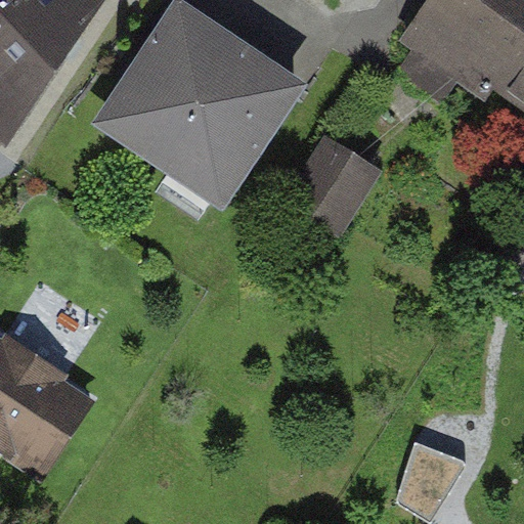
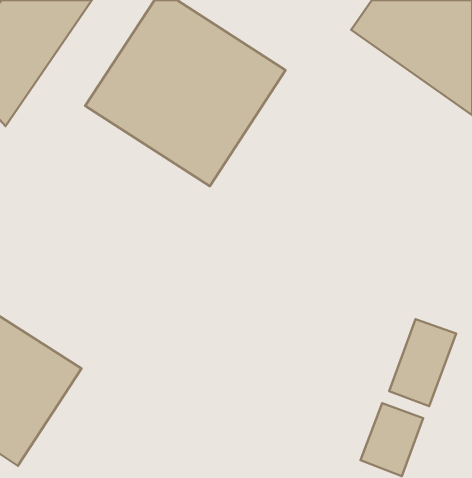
building: [290,140,378,238] -> none
building: none -> [389,319,456,406]

